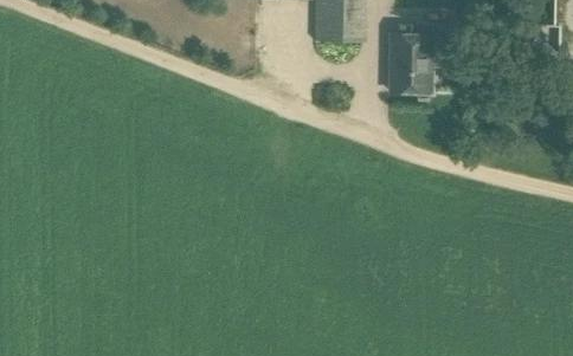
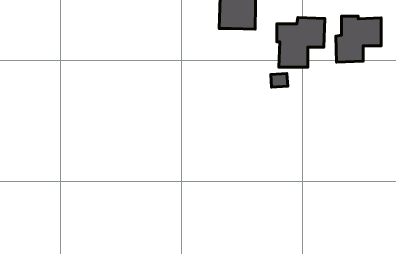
building: none -> [336,16,381,62]

